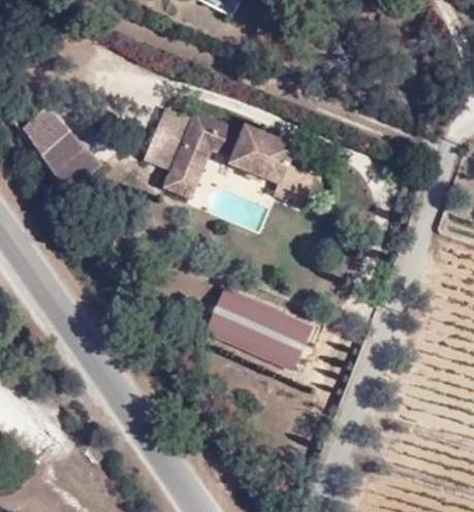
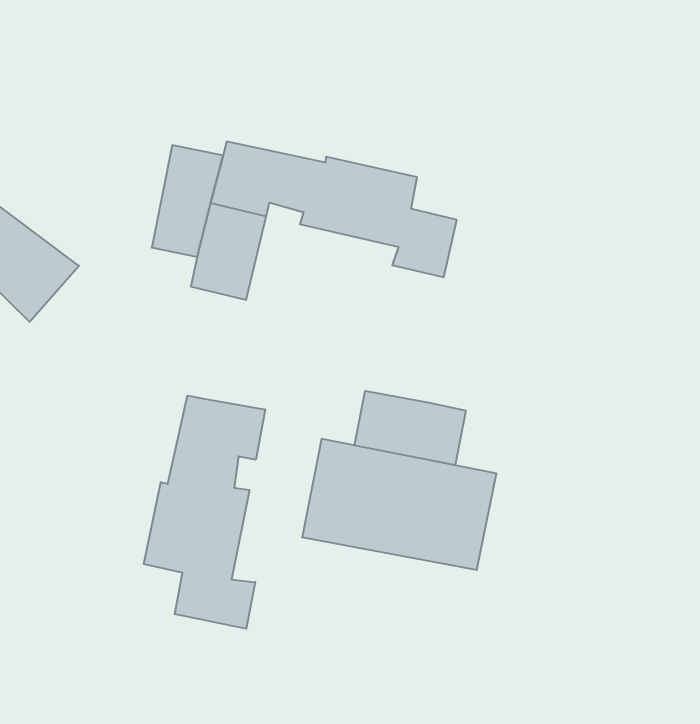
building: none -> [144,396,265,629]
building: none -> [355,391,466,465]

